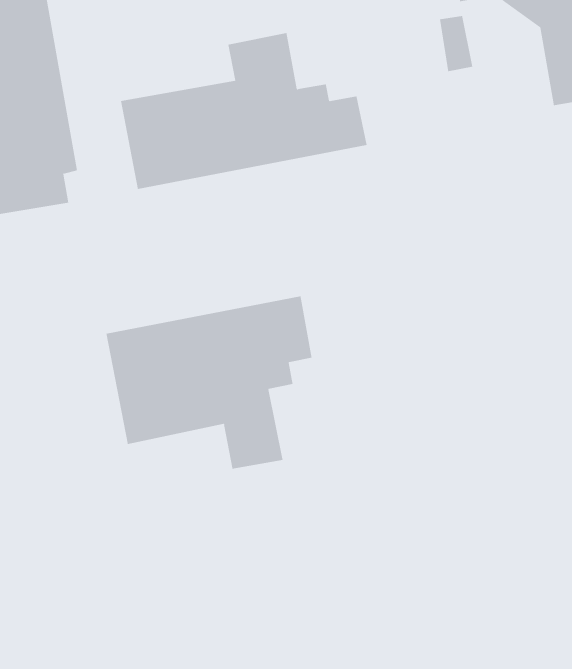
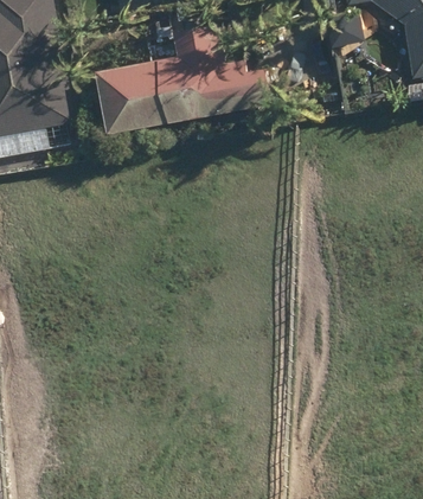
building: [106,296,312,470] -> none

